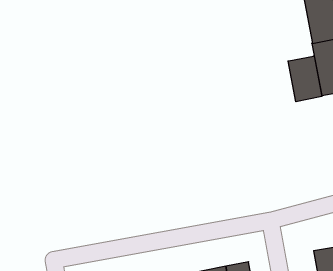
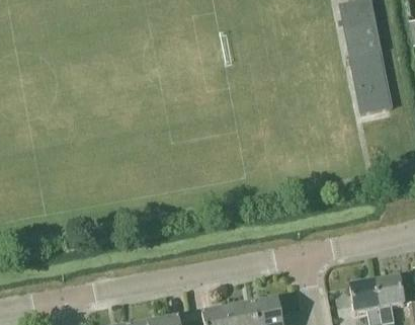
building: [288,56,322,102] -> none

